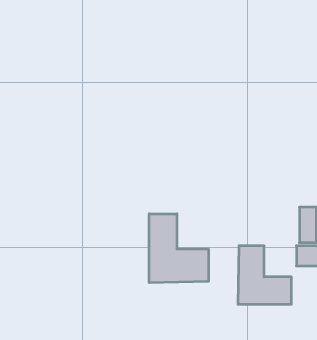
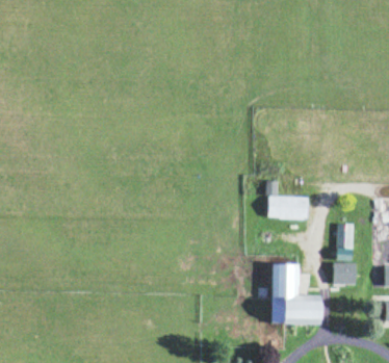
building: none -> [268,196,308,218]
building: [149,214,208,283] -> none

